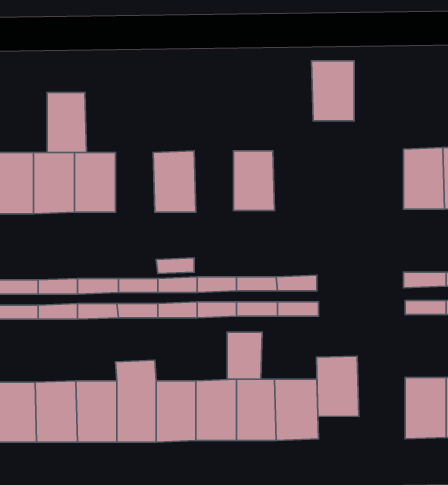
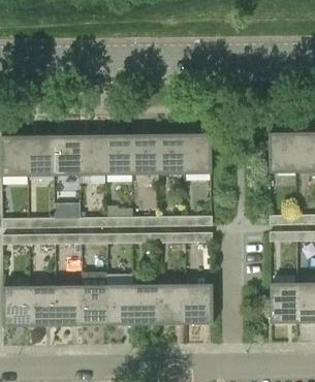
building: [311,61,354,121] -> [182,134,210,173]
building: [47,93,87,152] -> [78,135,104,174]
building: none -> [130,134,156,174]
building: [227,332,262,379] -> none
building: [316,356,359,417] -> none

